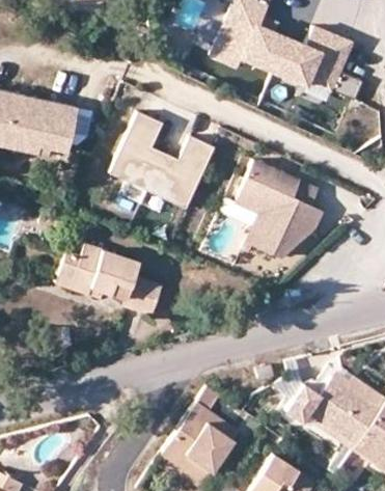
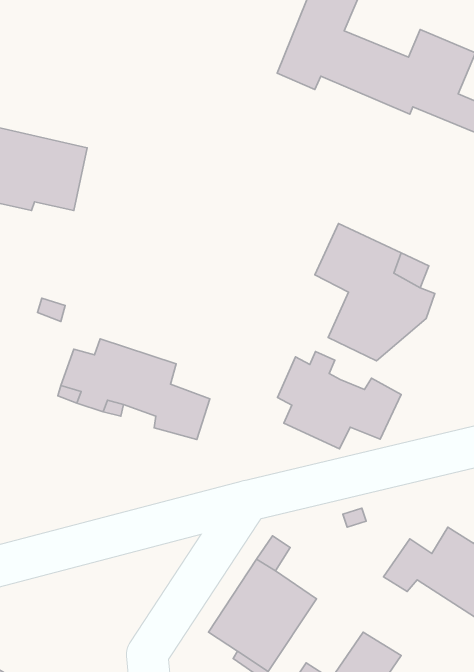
building: [112,114,216,210] -> none
building: none -> [277,352,401,449]

